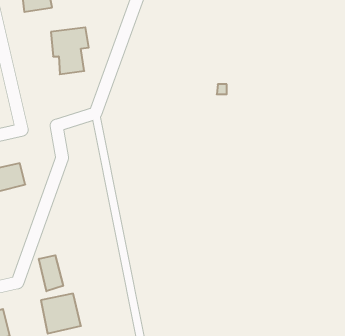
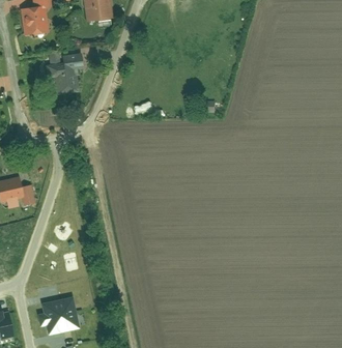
building: [39,255,63,291] -> none

